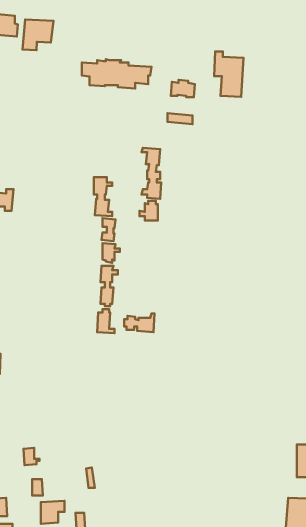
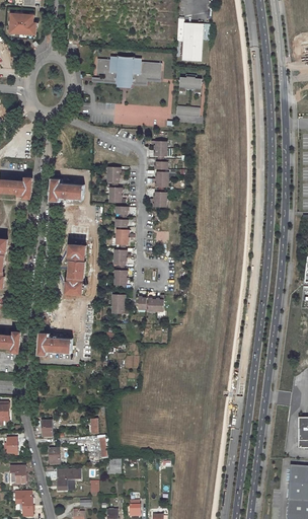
building: [23,20,53,50] -> none
building: [214,51,243,97] -> [175,19,203,62]
building: none -> [50,179,82,200]
building: none -> [65,244,85,293]
building: none -> [38,333,70,353]

